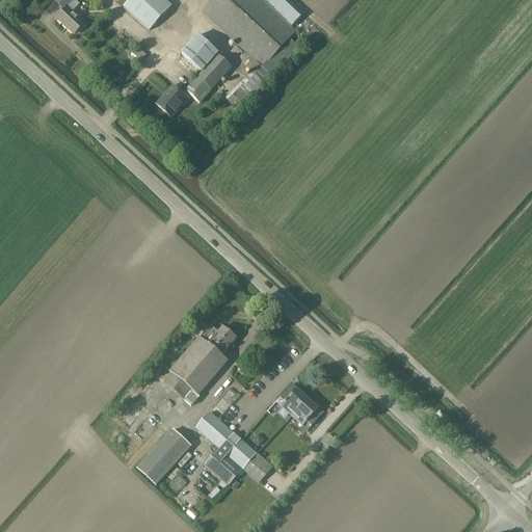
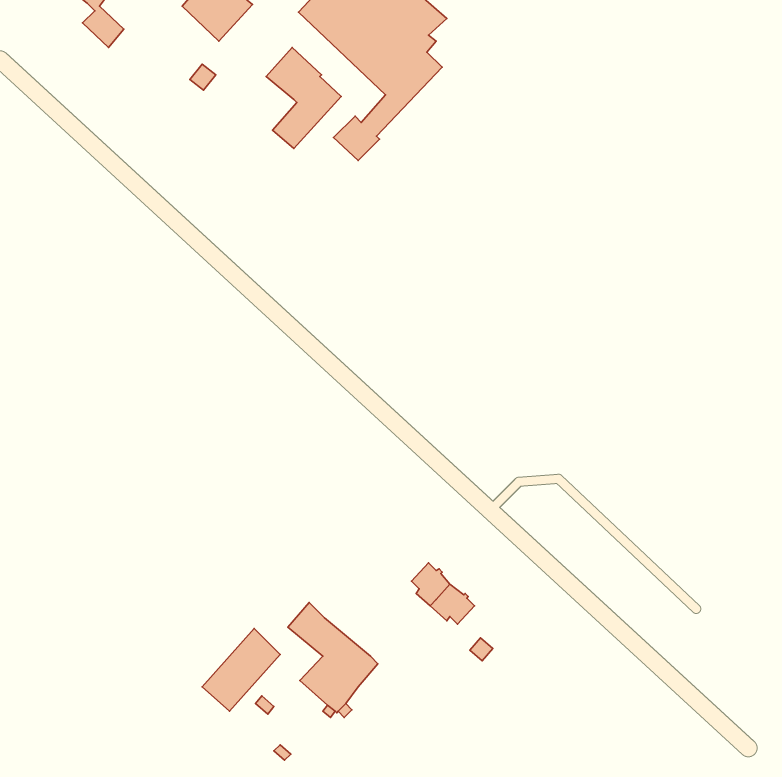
building: [156,83,188,115] -> none
building: [163,323,236,397] -> none
building: [243,451,273,481] -> none

